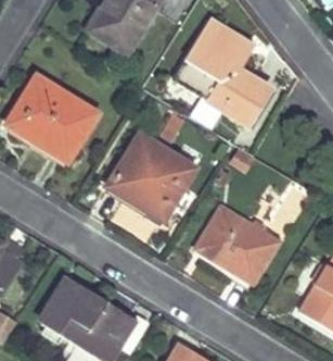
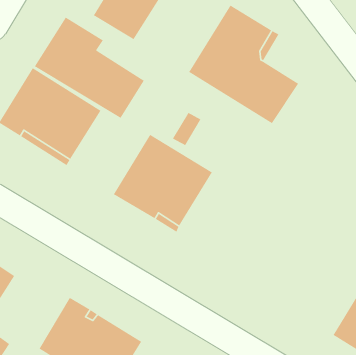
building: none -> [34,16,145,119]
building: [196,207,279,281] -> none

